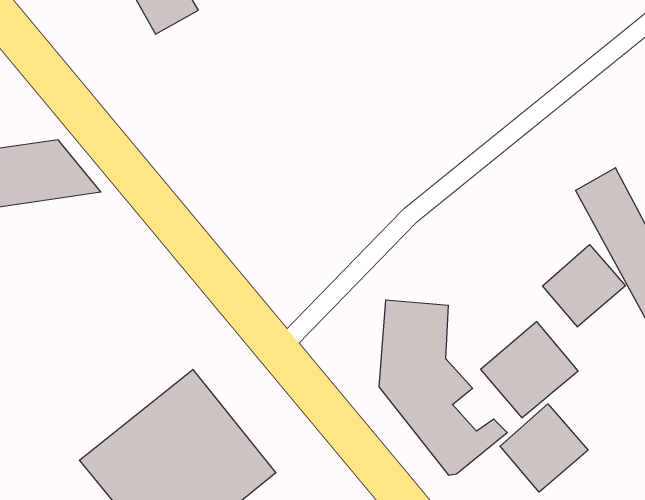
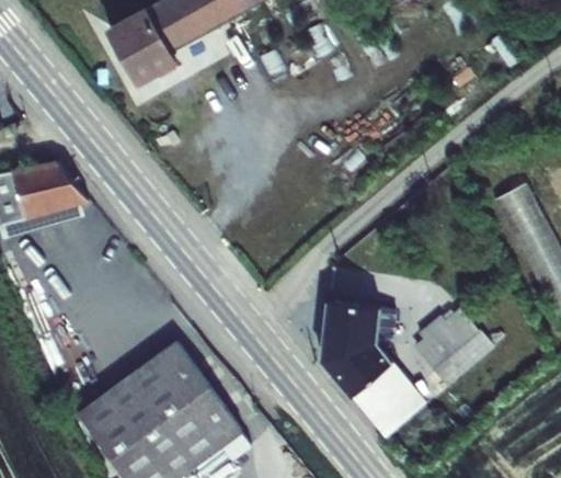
building: [543,245,625,327] -> none
building: [500,404,588,492] -> none

